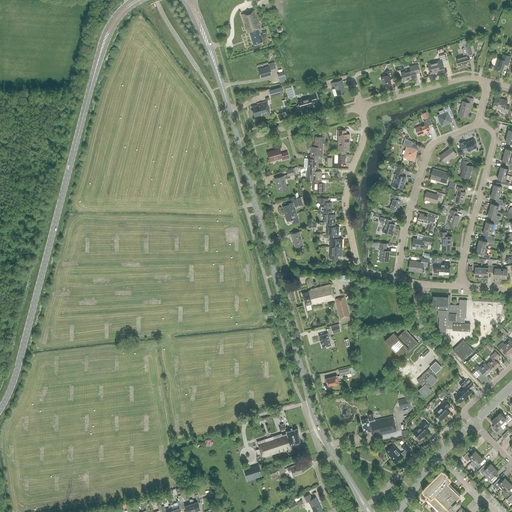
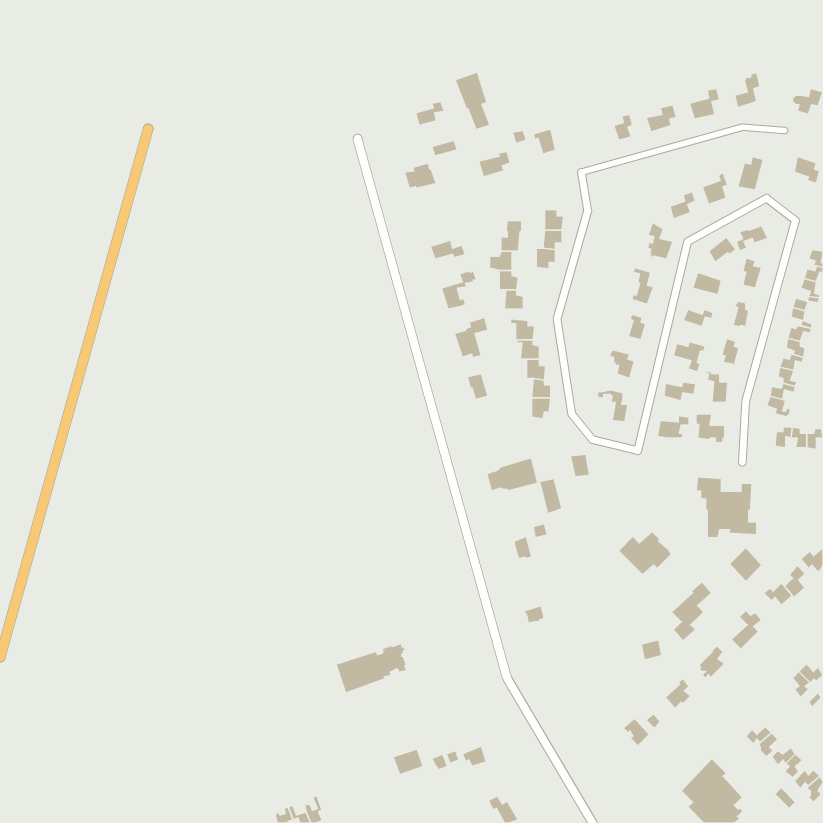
building: [241,10,263,46] -> [455,72,490,130]
building: [362,413,397,437] -> none
building: [256,428,300,459] -> [336,643,407,693]

